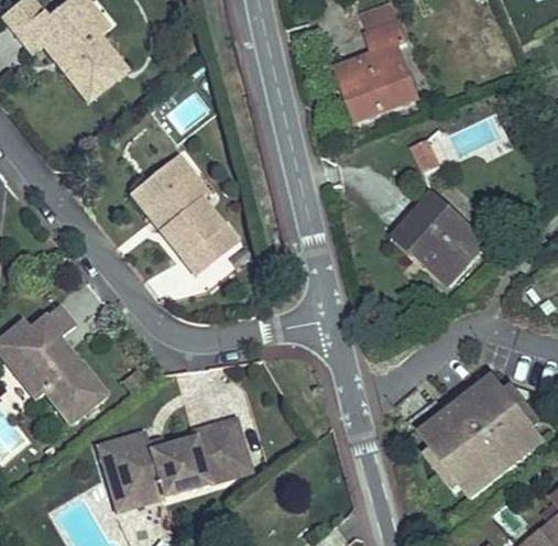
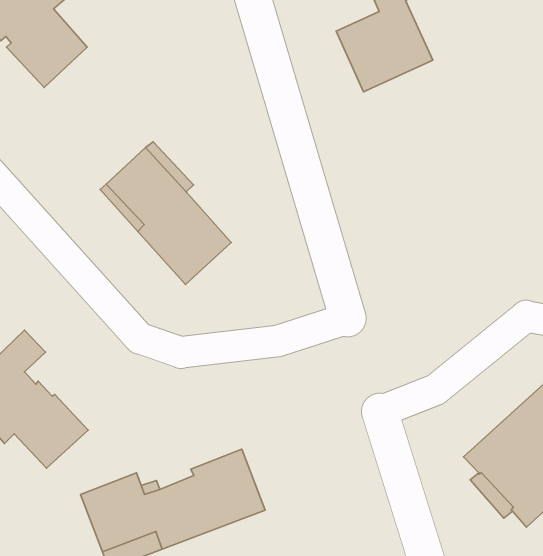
building: [396,196,483,282] -> none

